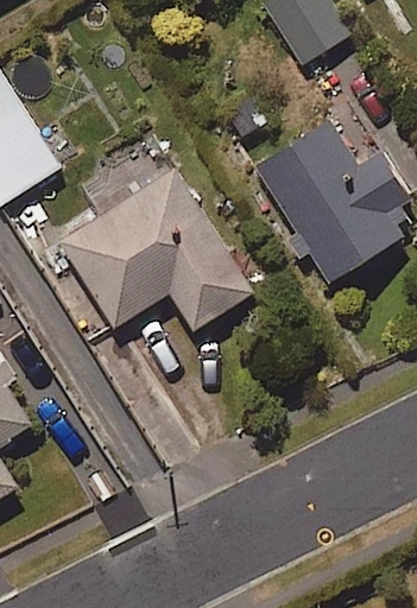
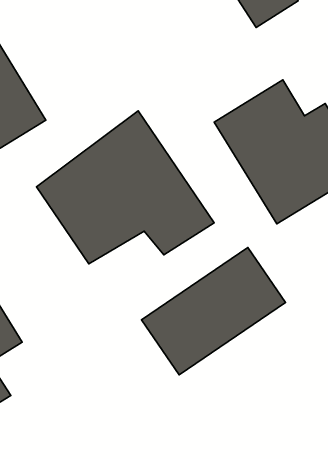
building: none -> [142,247,286,375]

